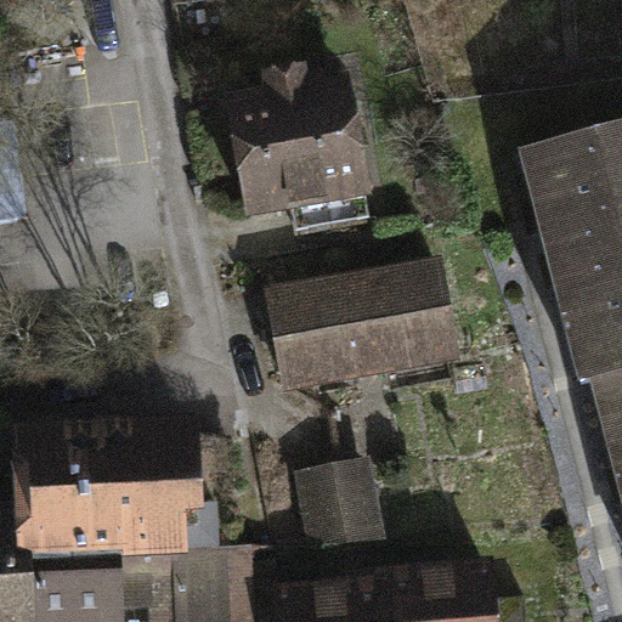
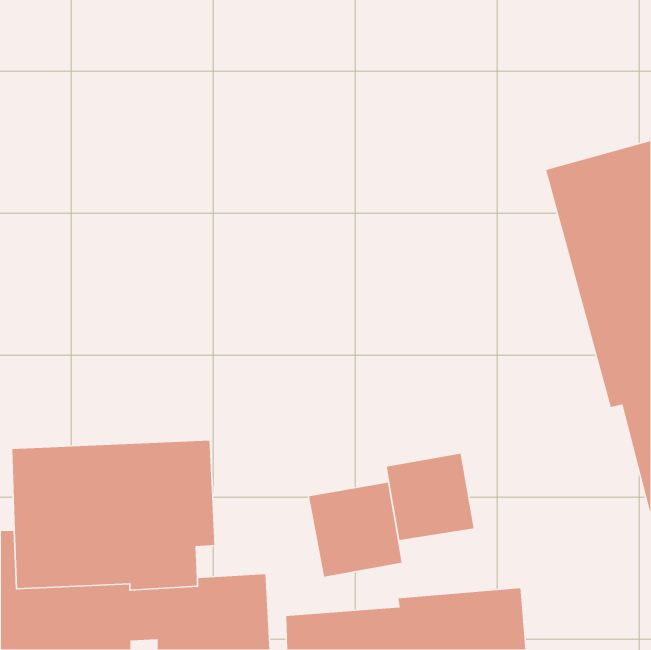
building: [226,66,373,220] -> none
building: [266,259,463,395] -> none
building: none -> [386,453,475,541]

